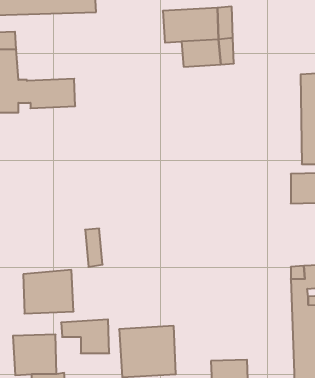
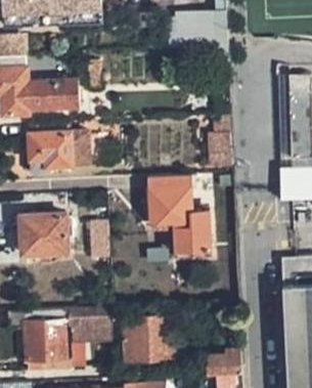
building: none -> [27,122,84,168]
building: none -> [146,176,211,262]
building: [23,270,74,314] -> [18,215,65,256]

